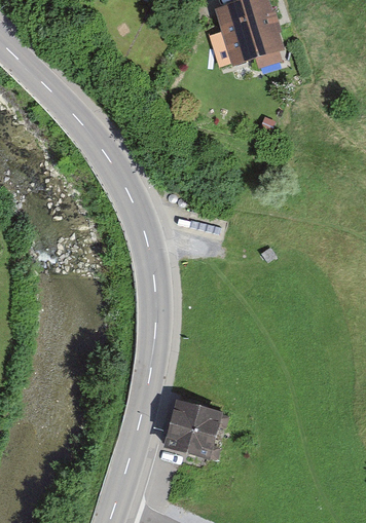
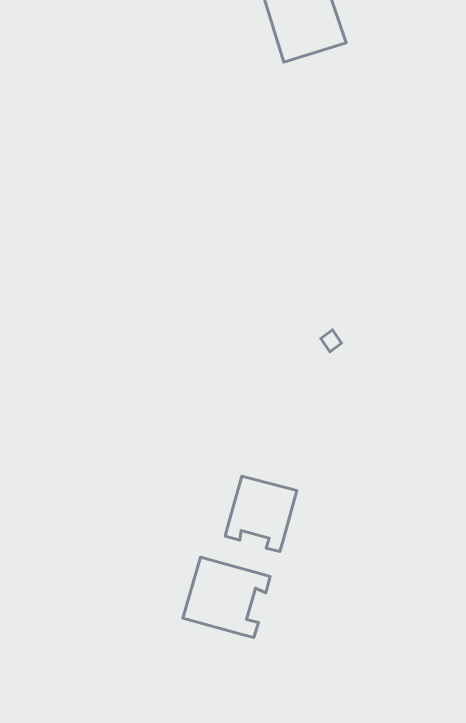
building: none -> [225,476,297,552]

